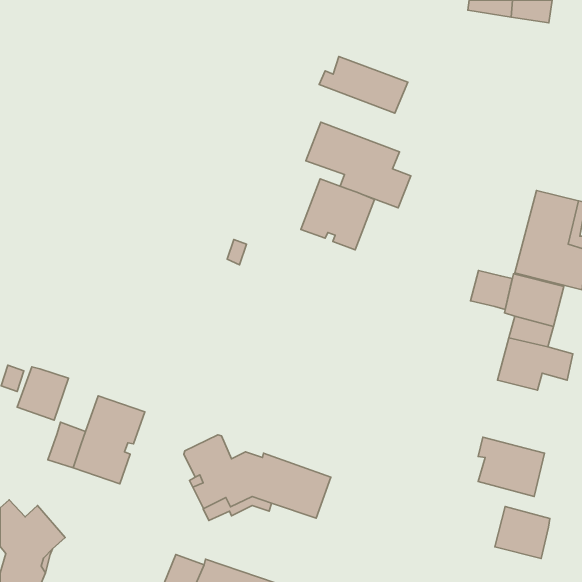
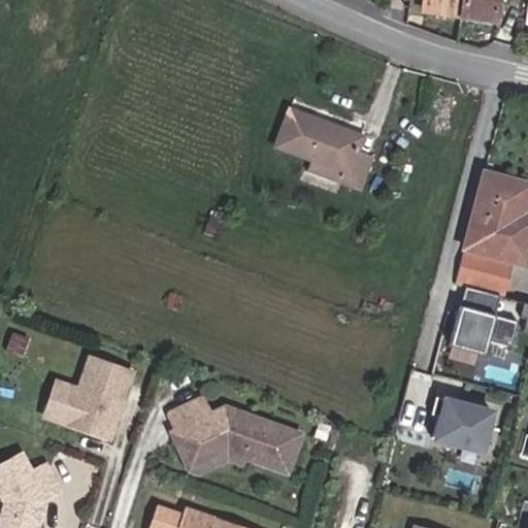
building: [319,57,408,113] -> none
building: [301,179,375,250] -> none
building: [470,270,512,310] -> none
building: [17,367,69,420] -> none
building: [495,507,550,559] -> none

